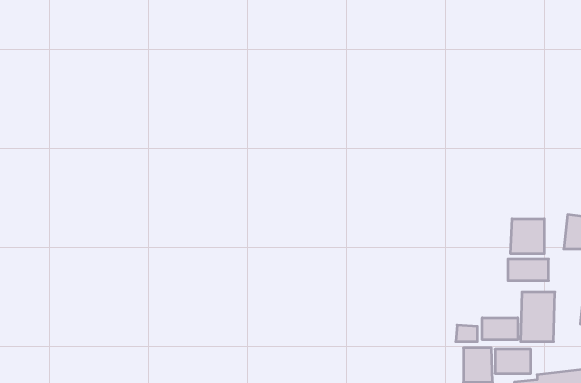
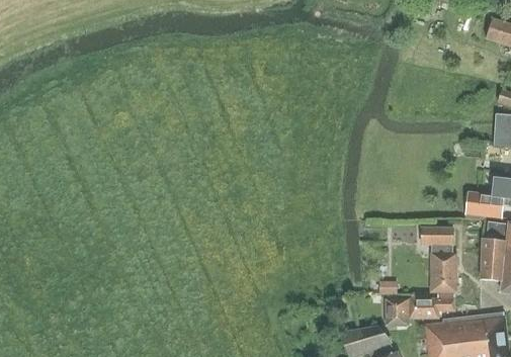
building: [511,219,544,254] -> none
building: [482,318,518,340] -> none

